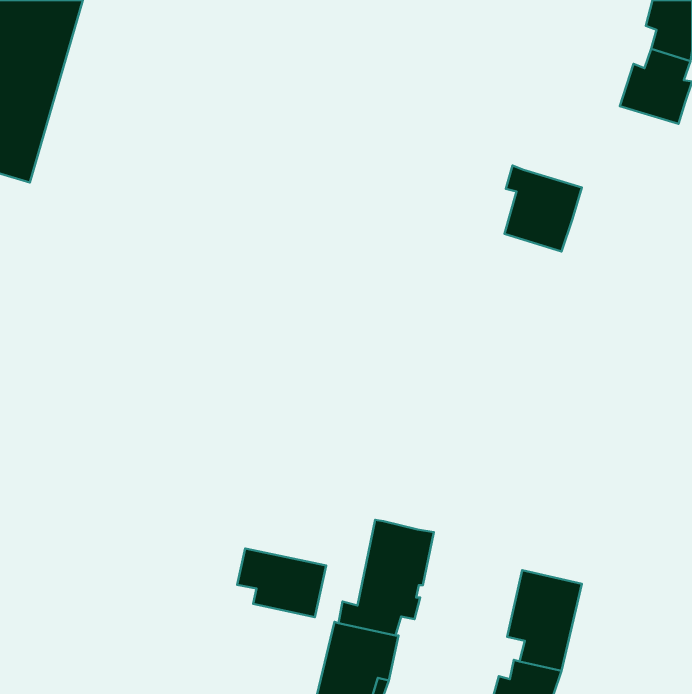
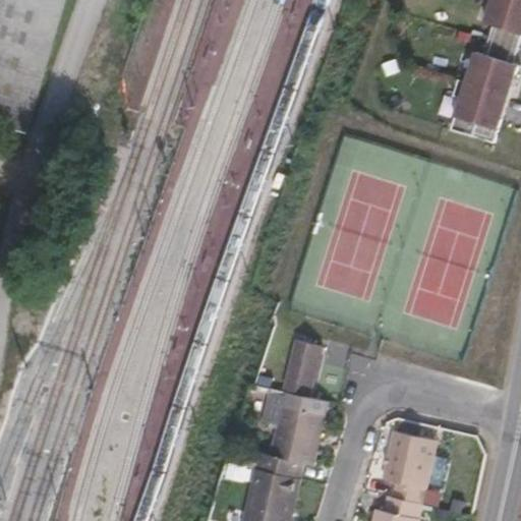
building: [504,166,582,251] -> [450,77,508,141]
building: none -> [287,341,324,397]
building: [237,548,326,617] -> none

